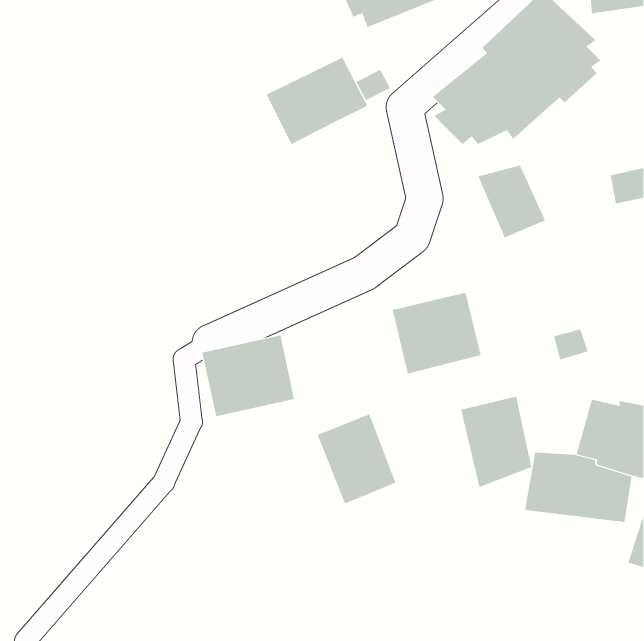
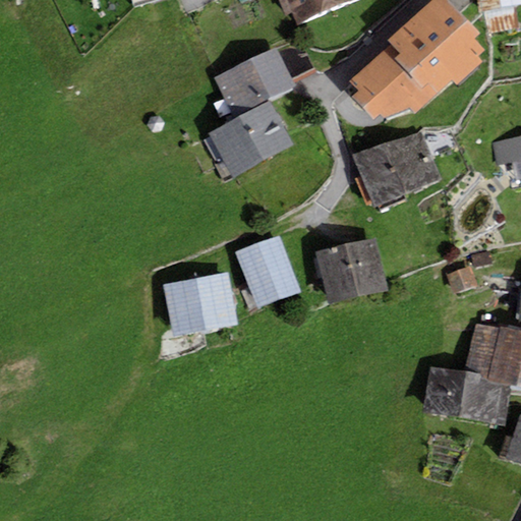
building: none -> [208,99,294,176]
building: none -> [354,142,407,205]
building: [461,396,532,488] -> none
building: [317,413,396,504] -> [237,235,301,308]

